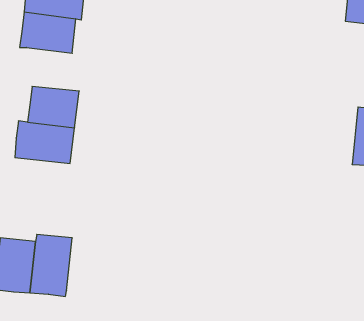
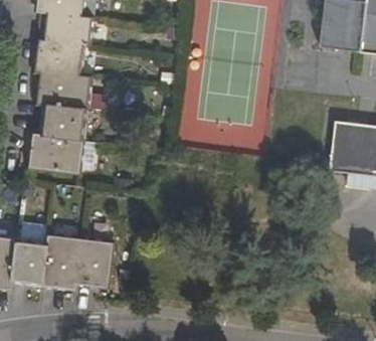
building: none -> [37,69,91,108]
building: none -> [76,236,113,286]

